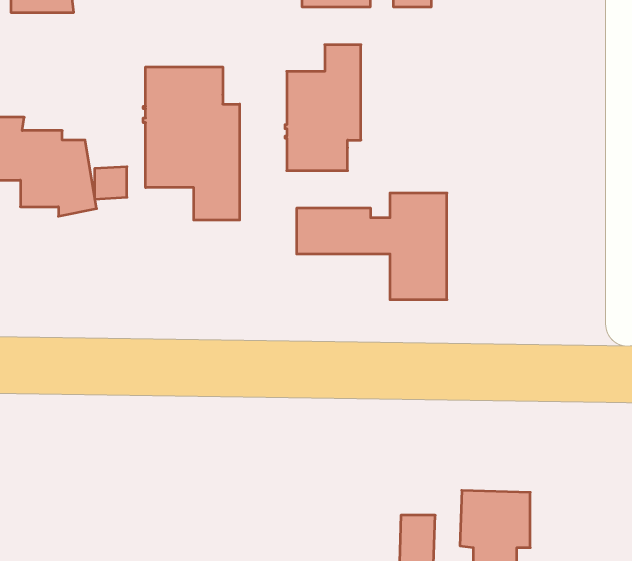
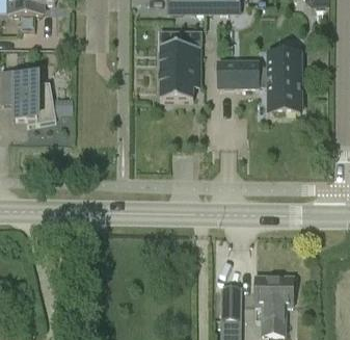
building: [143,67,240,220] -> none
building: [297,193,447,300] -> [218,52,300,110]

